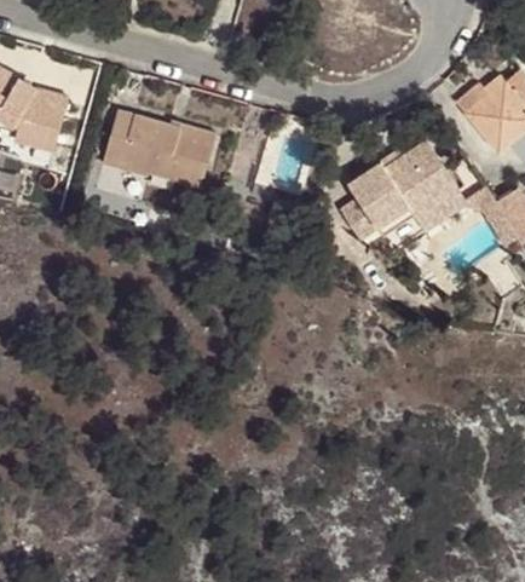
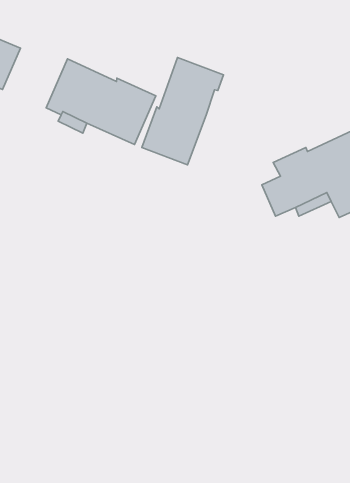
building: none -> [142,58,224,165]

